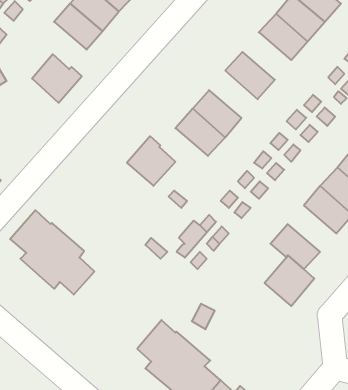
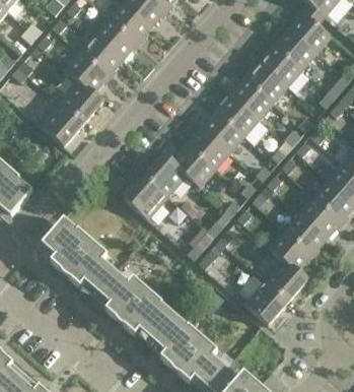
building: none -> [65,52,109,93]
building: none -> [245,61,288,103]
building: none -> [216,94,259,136]
building: none -> [41,102,84,145]
building: none -> [172,145,215,187]
building: none -> [125,176,167,218]
building: none -> [285,213,328,254]
building: none -> [97,271,174,339]
building: none -> [245,281,288,324]

